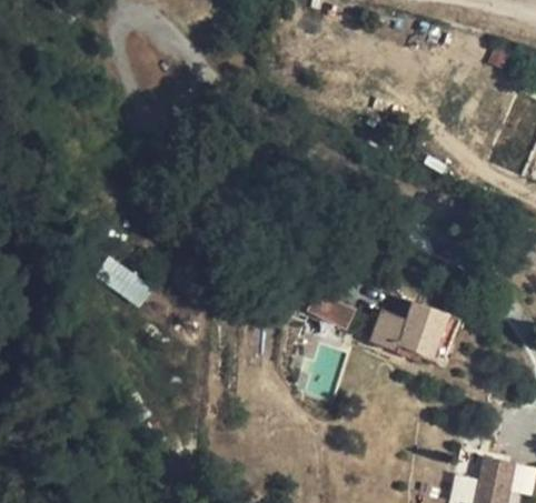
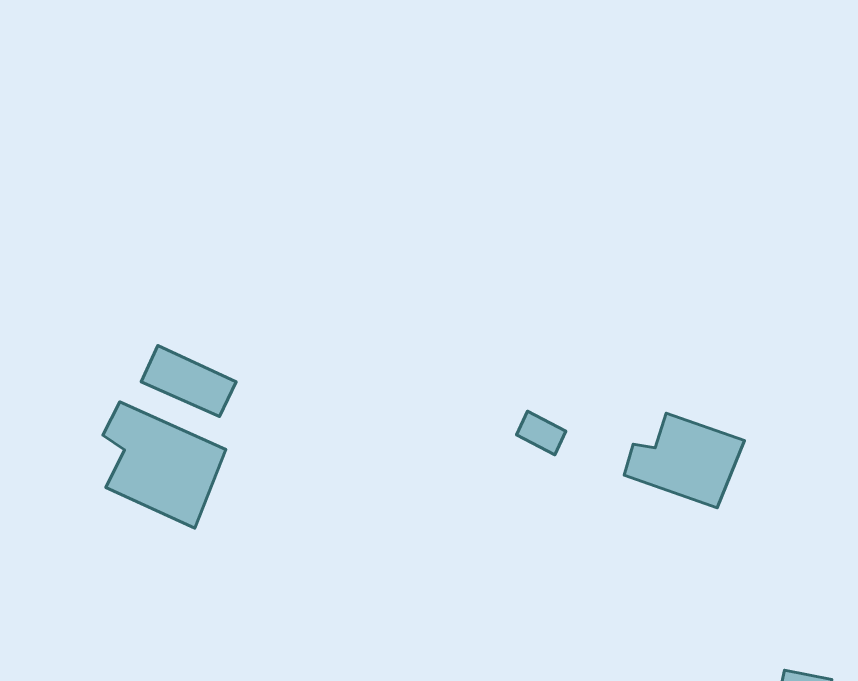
building: none -> [103,402,226,528]

